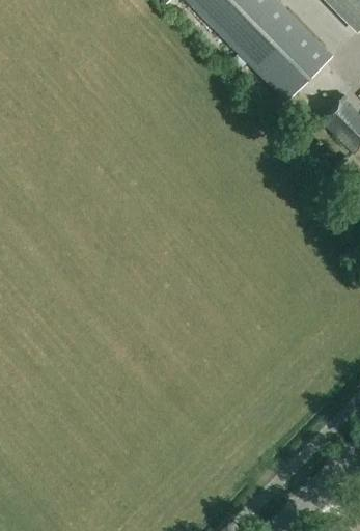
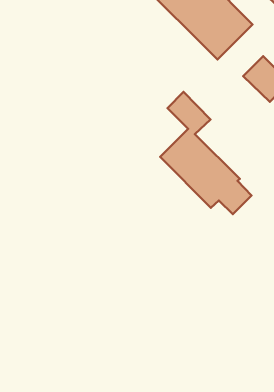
building: none -> [160,92,252,214]

